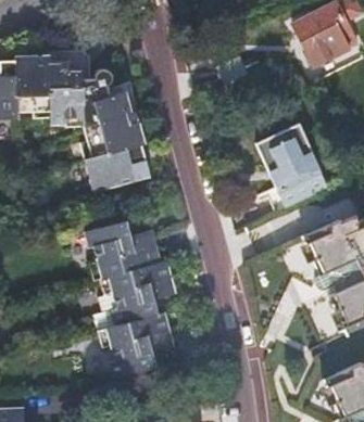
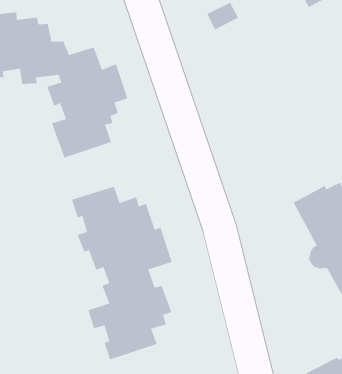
building: [260,123,332,213] -> none

